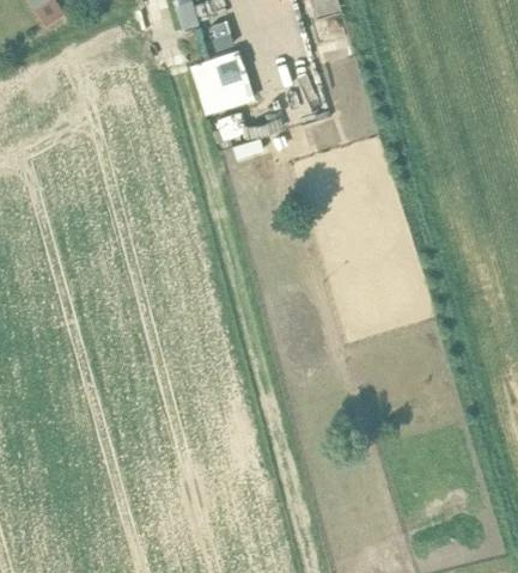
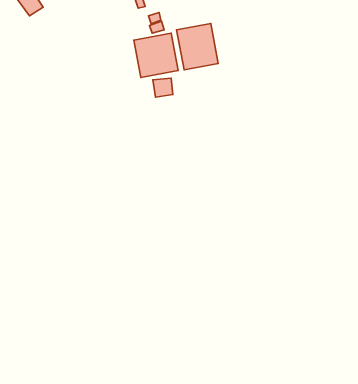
building: none -> [177,23,218,70]

